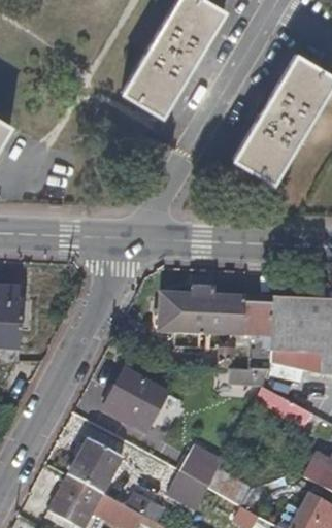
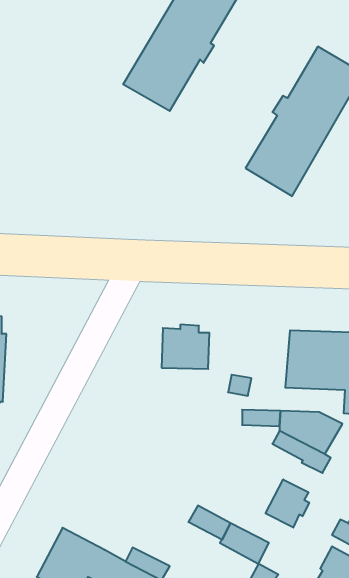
building: [199,298,261,338] -> none
building: [103,372,167,435] -> none
building: none -> [266,479,309,528]
building: [70,440,126,495] -> none
building: [169,470,211,510] -> none

